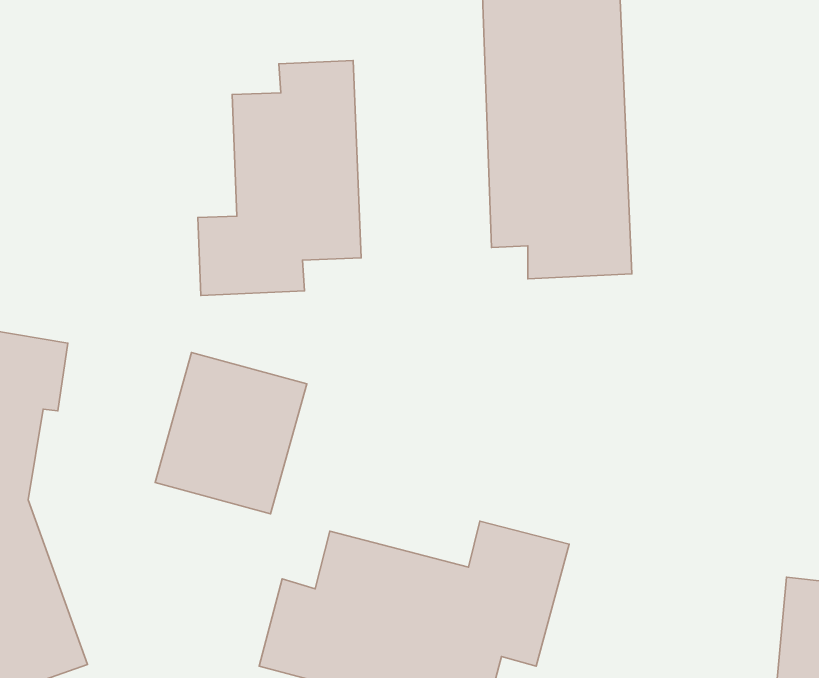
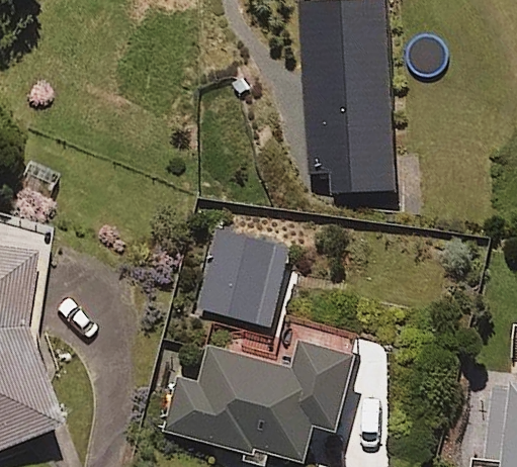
building: [198,61,361,296] -> none
building: [155,352,307,514] -> [198,227,291,326]

